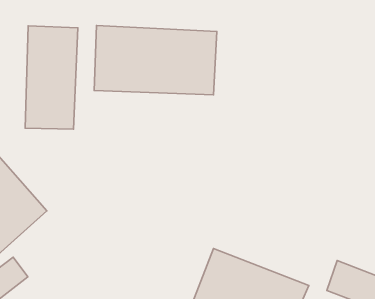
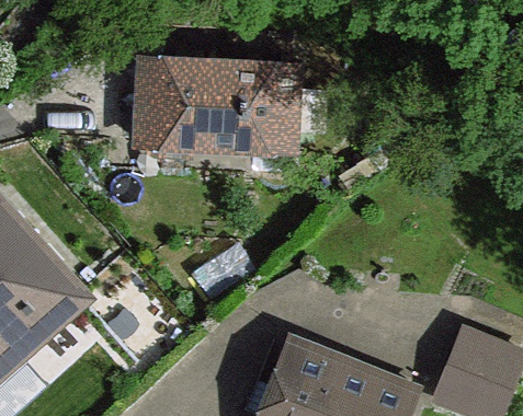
building: [25,26,78,129] -> none

